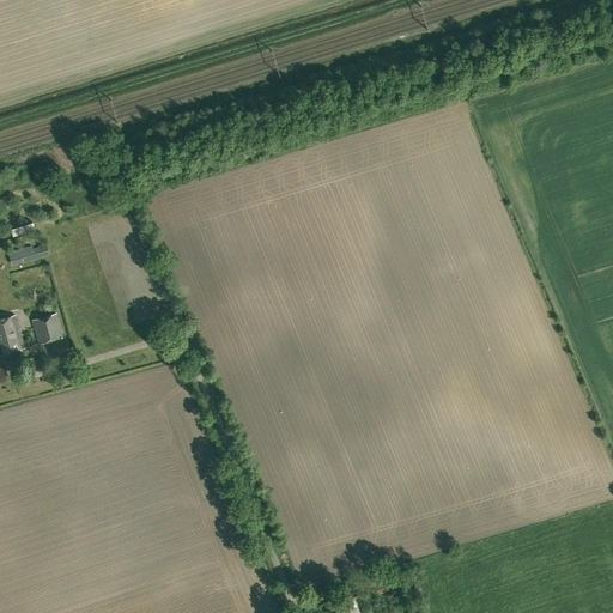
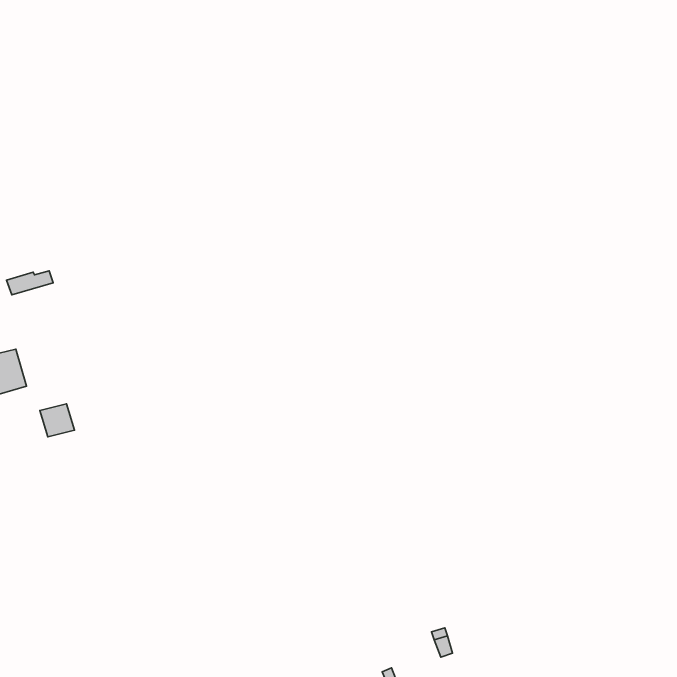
building: [31,315,62,345] -> [40,404,74,437]

